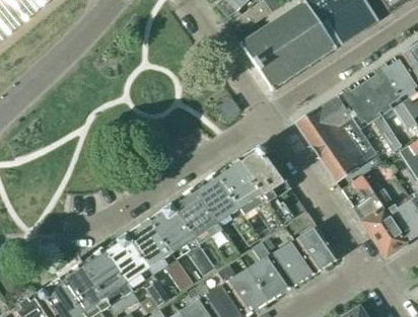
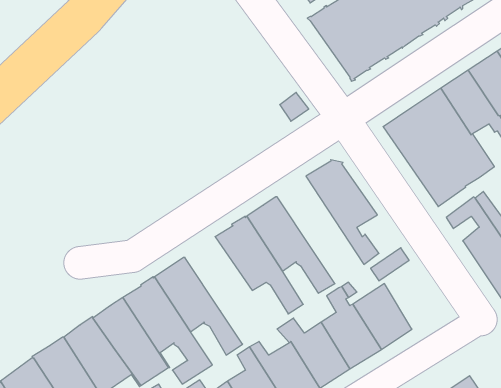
building: [217,160,281,232] -> none
building: [149,205,214,276] -> none
building: [296,226,340,272] -> none

